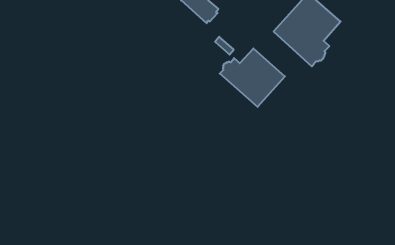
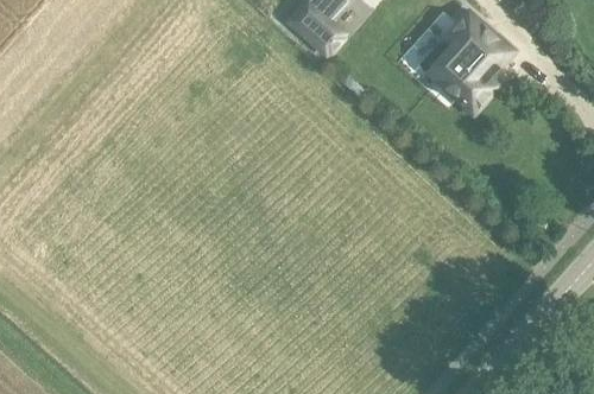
building: [220,48,285,107] -> none

